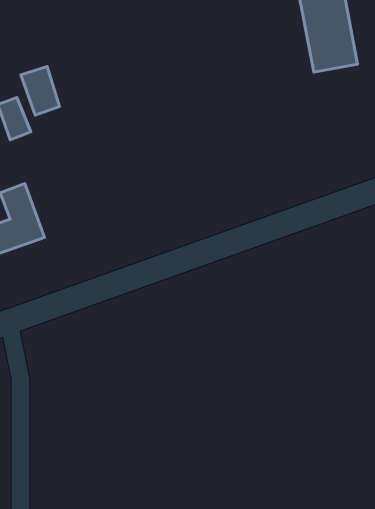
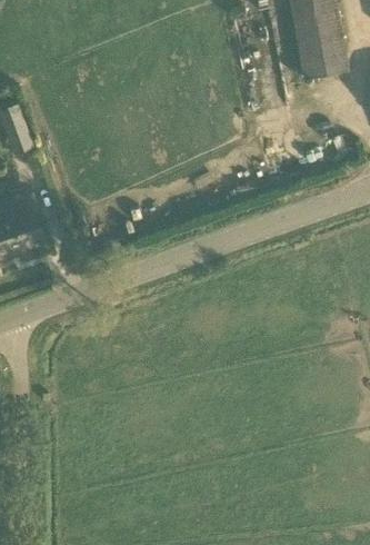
building: [21,66,59,115] -> none

